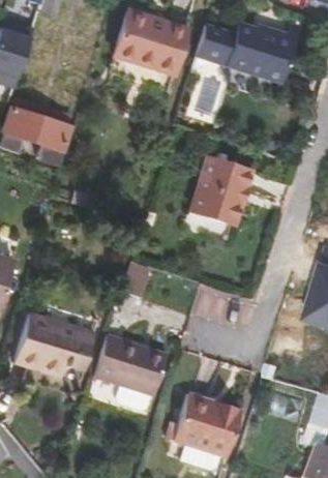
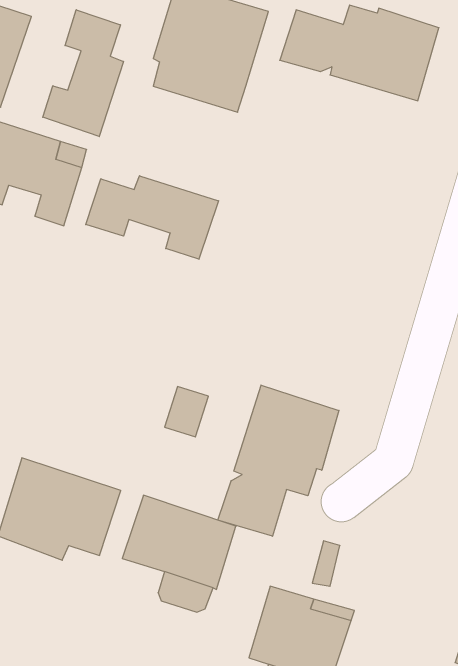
building: none -> [43,10,123,137]
building: none -> [86,176,219,259]
building: [188,156,249,222] -> none
building: none -> [218,385,339,536]

